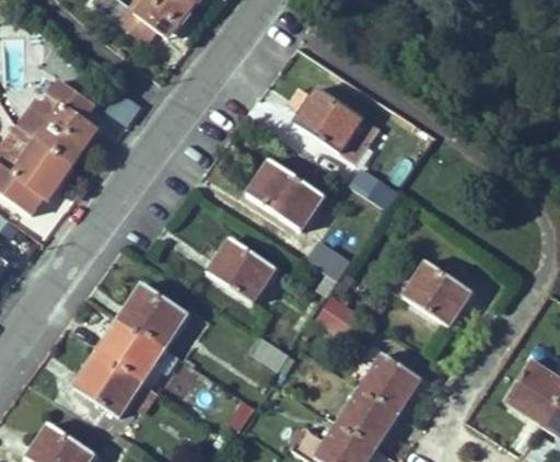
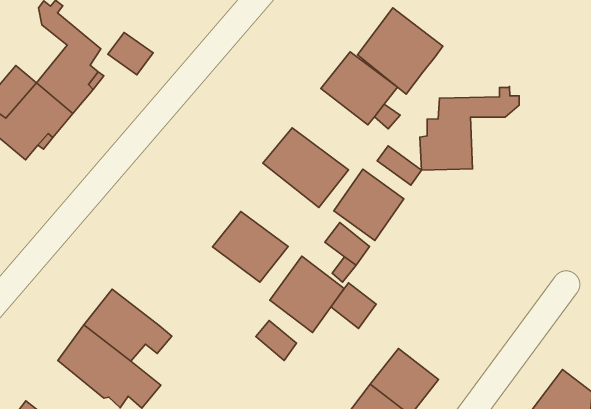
building: none -> [358,8,443,94]
building: none -> [420,86,519,170]
building: none -> [334,169,404,240]
building: [404,261,471,324] -> none
building: none -> [270,256,344,332]
building: [120,284,188,347] -> none

